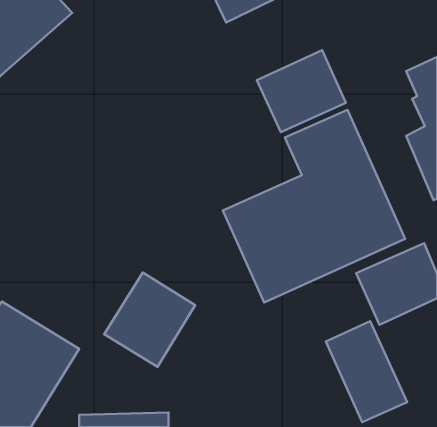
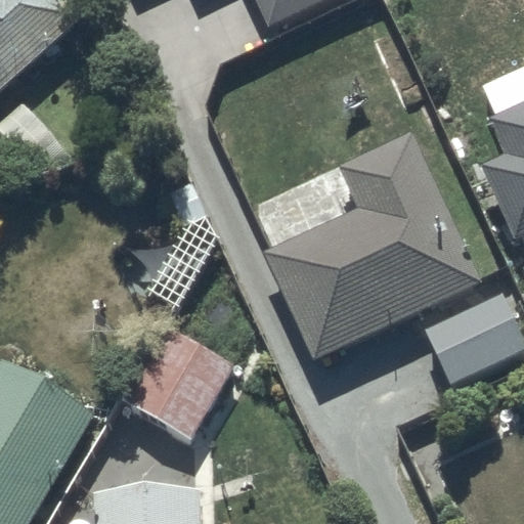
building: [257,50,346,132] -> none
building: [326,321,407,422] -> none

